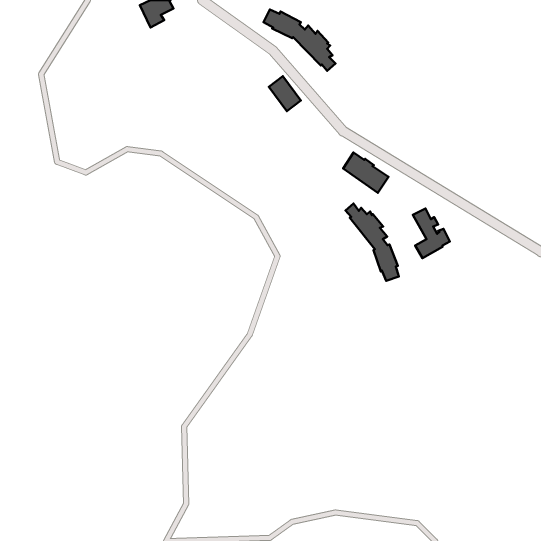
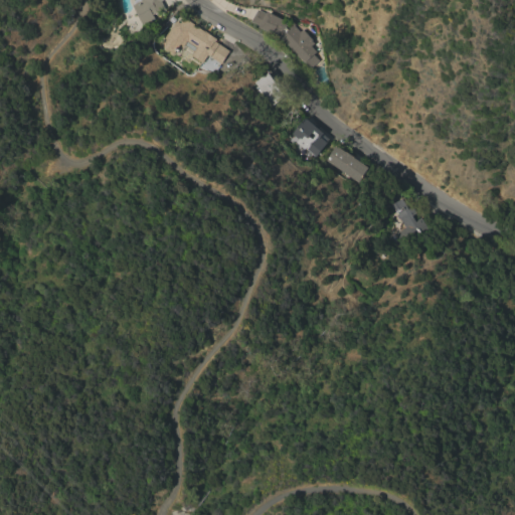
building: none -> [159,17,229,64]
building: none -> [292,118,328,156]
building: [346,204,399,281] -> none

